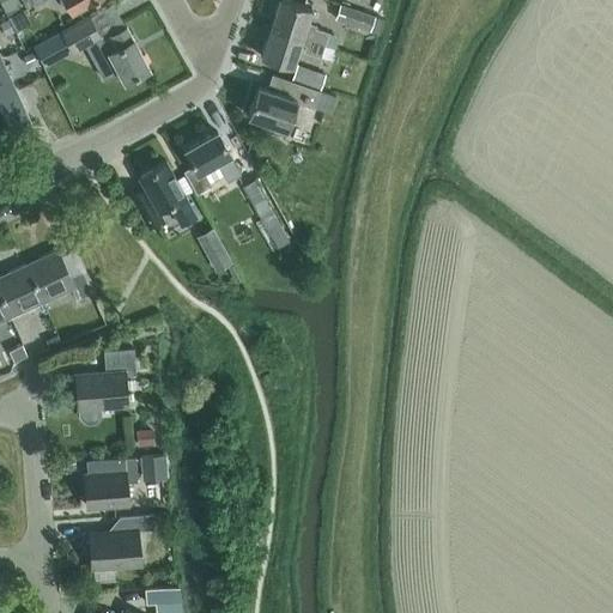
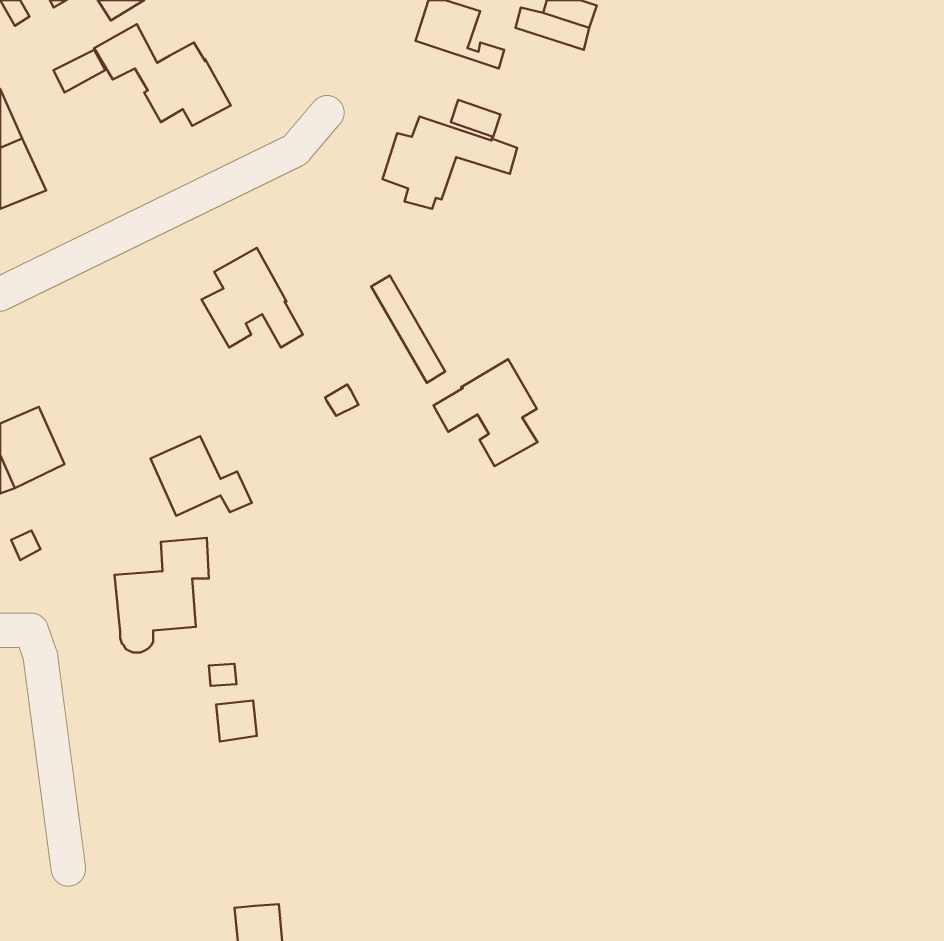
building: [260,29,334,69] -> none
building: [183,134,241,196] -> none
building: none -> [433,359,538,466]
building: [25,251,91,303] -> [150,436,252,516]
building: [84,457,138,508] -> none
building: [85,516,154,570] -> none

